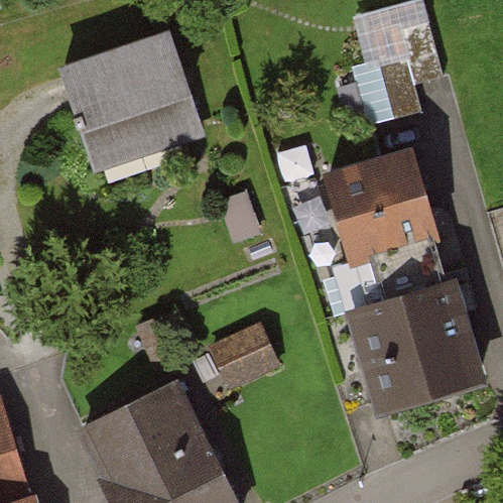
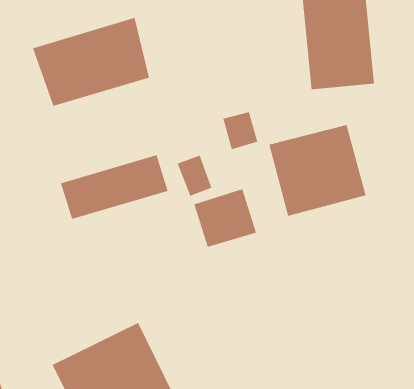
building: [76,101,202,176] -> [60,155,169,220]
building: [340,286,469,414] -> none
building: [210,322,283,390] -> [193,188,257,247]

